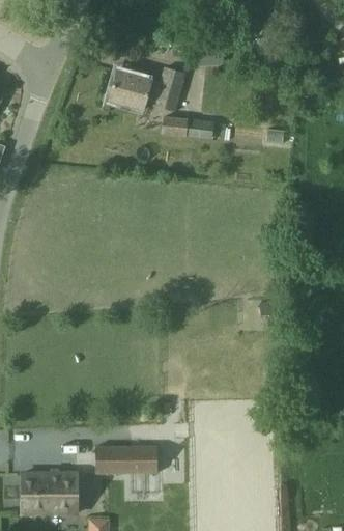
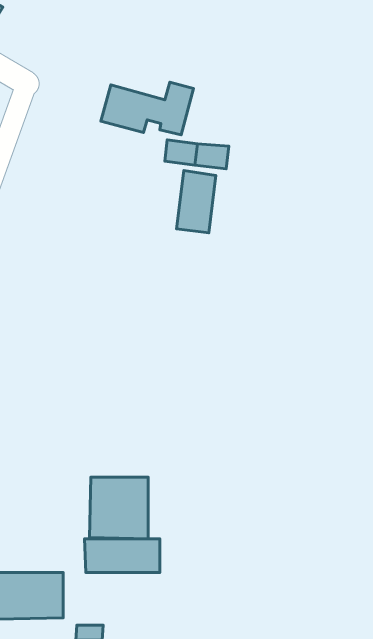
building: none -> [177,170,216,233]
building: none -> [89,477,148,539]

